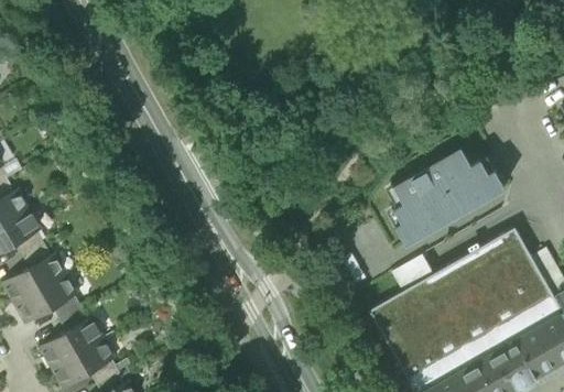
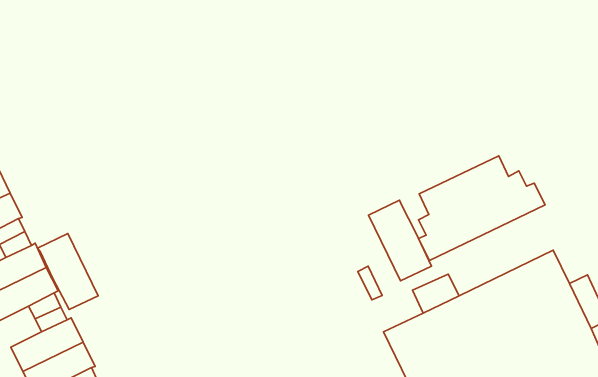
building: none -> [369,200,432,281]
building: none -> [38,234,98,309]

